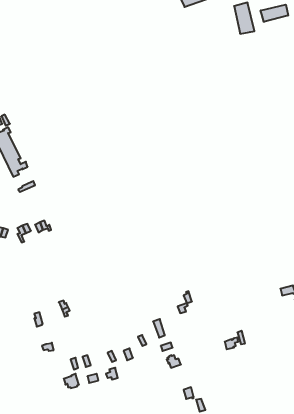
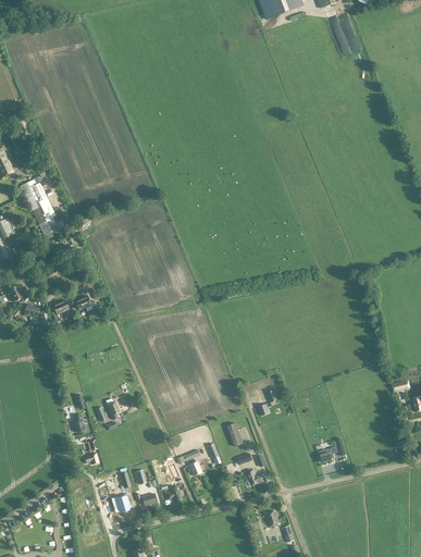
building: [261,5,288,22] -> none

